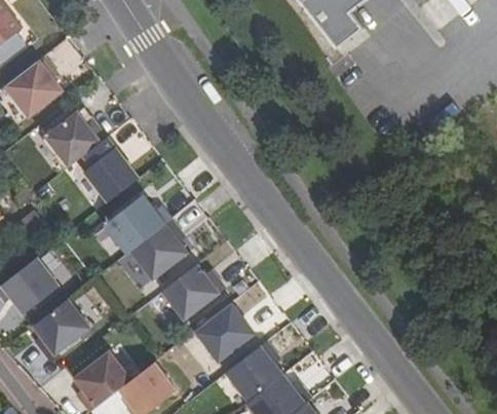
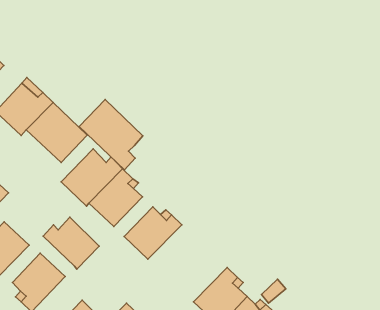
building: none -> [79,99,143,170]
building: none -> [43,217,99,269]
building: [194,303,253,362] -> none

